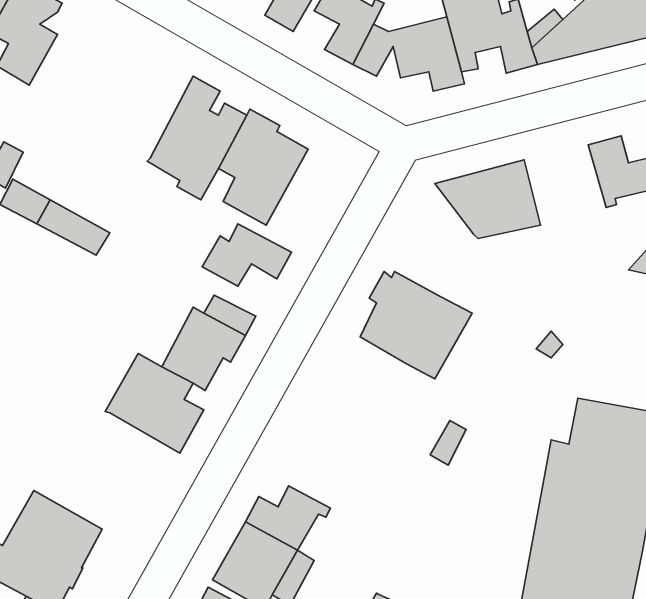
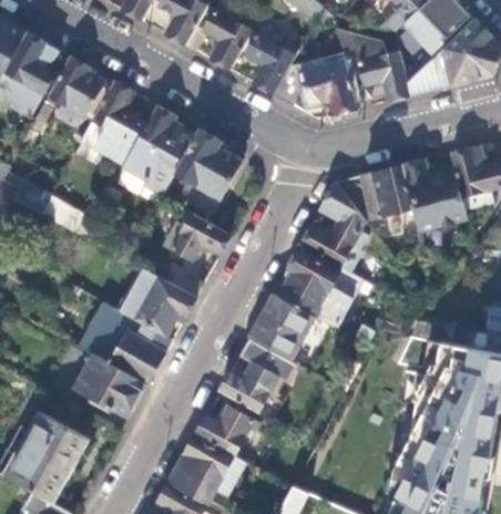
building: none -> [34,54,103,121]
building: none -> [91,79,145,164]
building: none -> [401,161,468,228]
building: none -> [299,183,366,267]
building: none -> [248,294,314,363]
building: none -> [73,353,145,417]
building: none -> [218,363,277,413]

